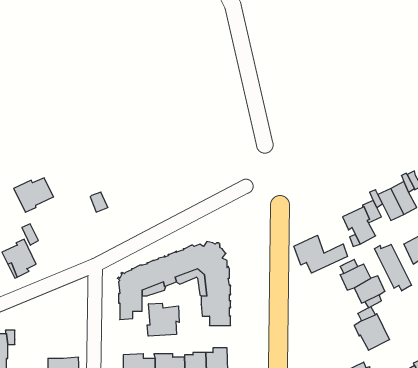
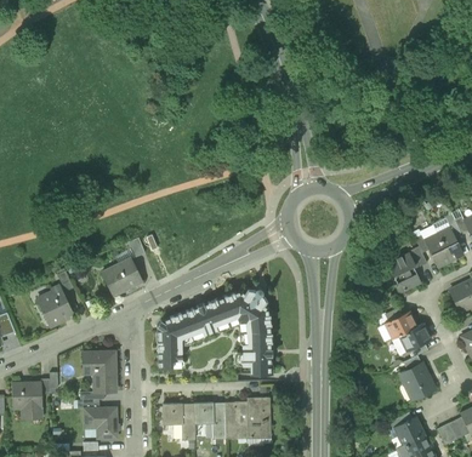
building: [14,178,54,212] -> [101,261,142,296]
building: [294,235,347,273] -> none
building: [374,244,412,291] -> none
building: [147,303,179,336] -> none
building: none -> [83,353,115,392]

